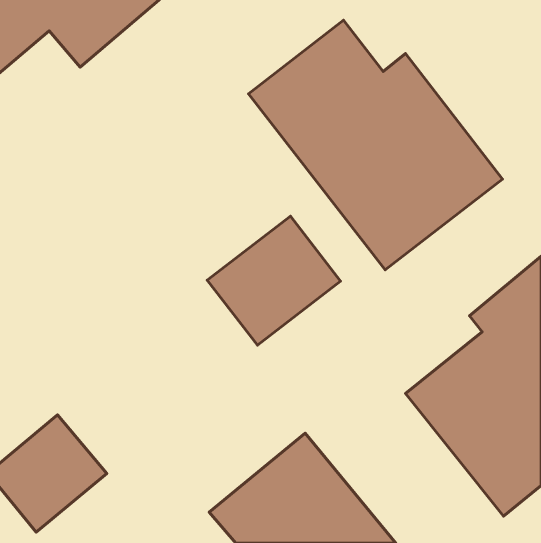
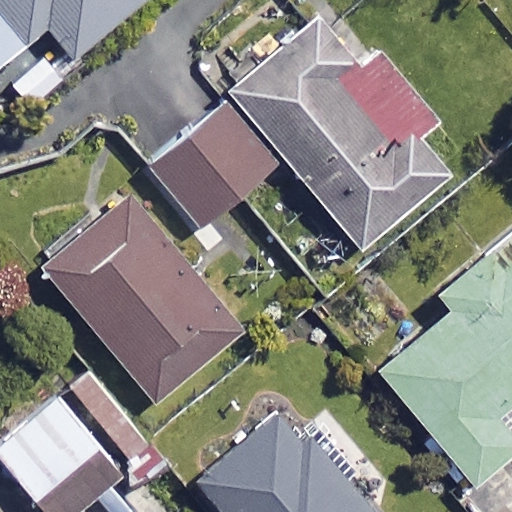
building: none -> [43,197,239,405]
building: [207,216,341,345] -> [149,107,274,228]

